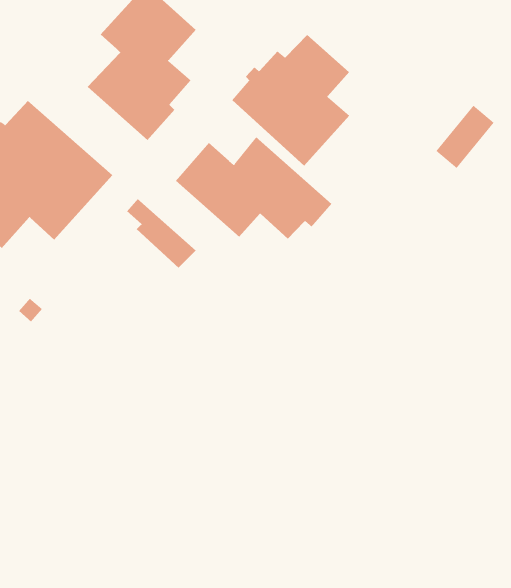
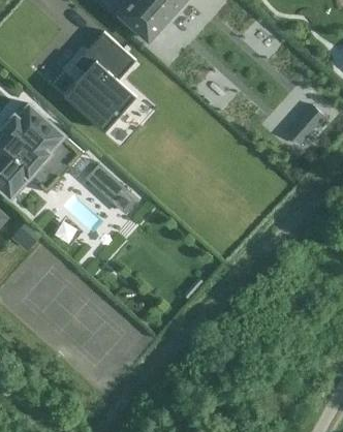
building: [231,34,350,166] -> none
building: [175,136,332,240] -> none

